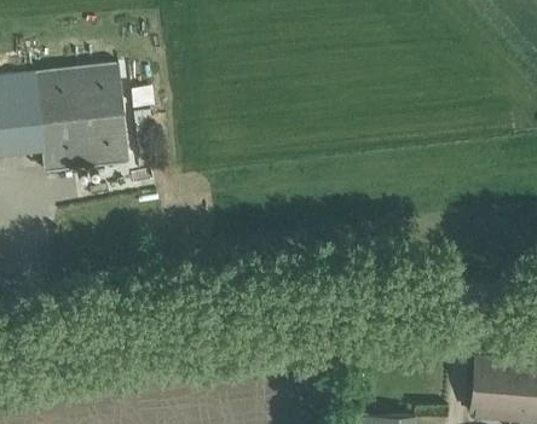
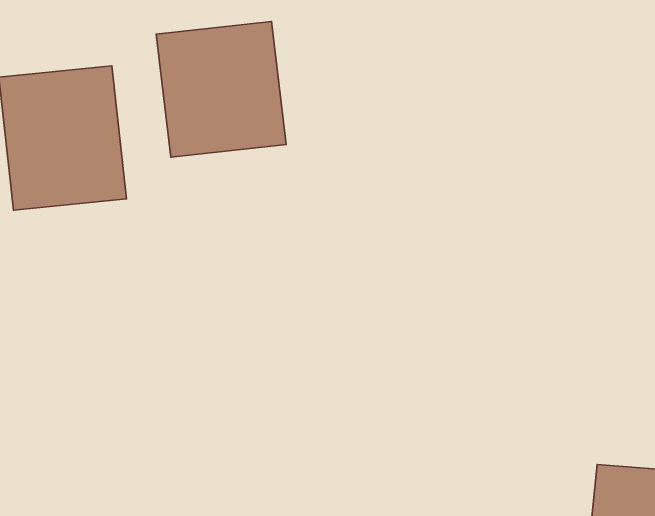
building: none -> [156,21,286,157]

